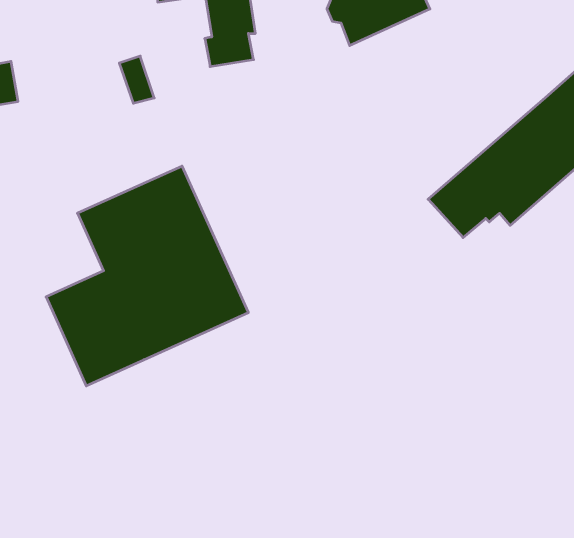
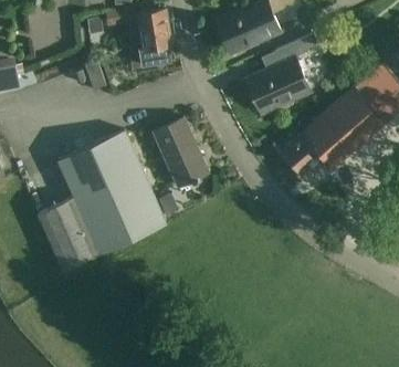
building: none -> [245,34,319,115]
building: none -> [153,118,208,188]

